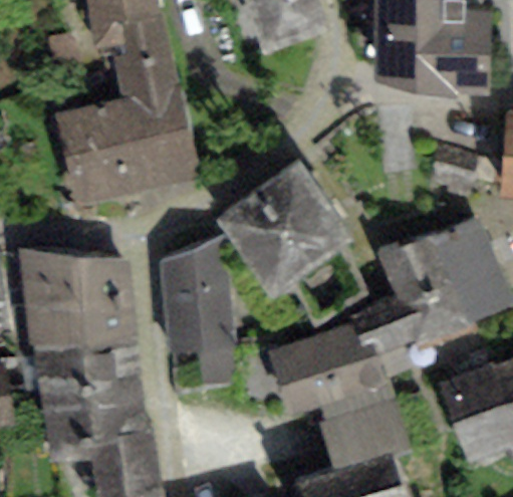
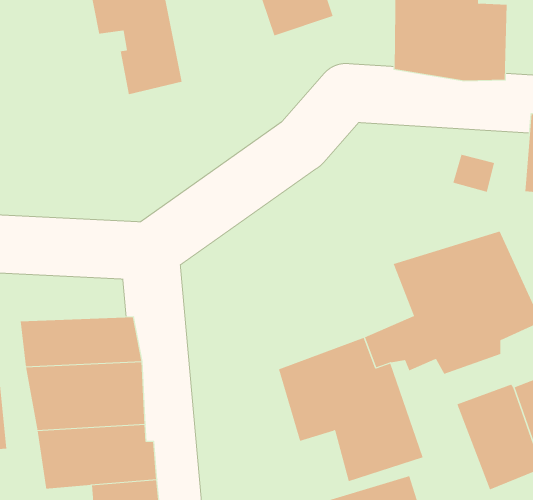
building: [62,86,197,197] -> none
building: [220,155,349,283] -> none
building: [159,233,231,345] -> none
building: [18,251,132,307] -> none

